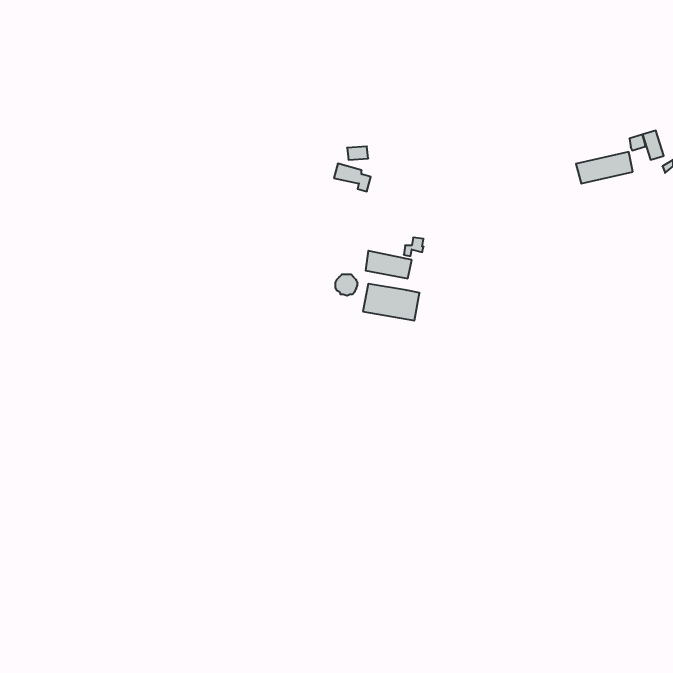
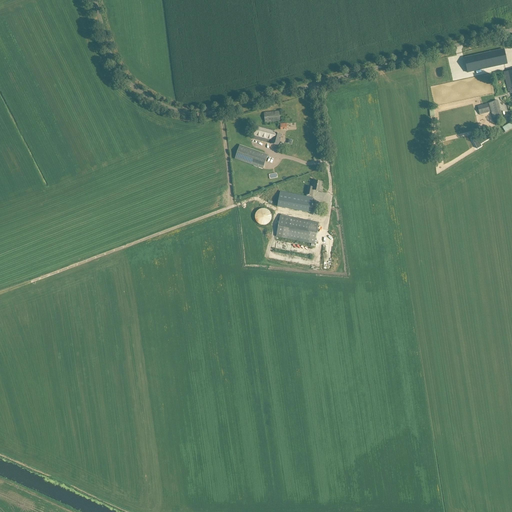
building: [576,152,633,184] -> [463,48,506,72]
building: none -> [234,144,267,168]

